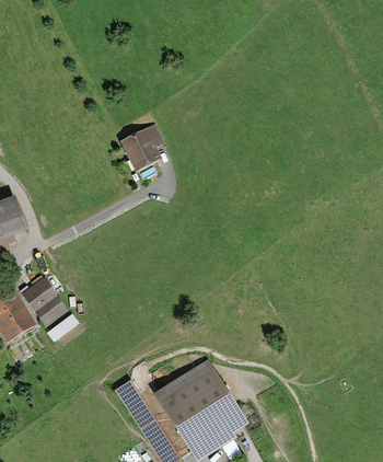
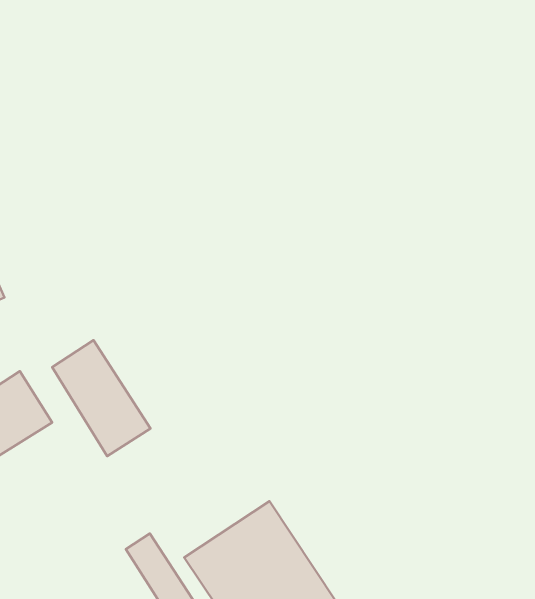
building: [124,123,172,170] -> none
building: none -> [52,340,151,456]

